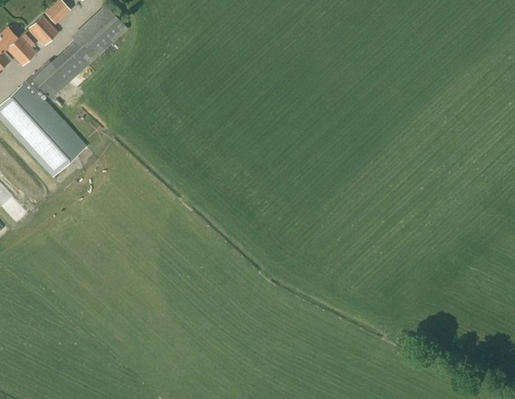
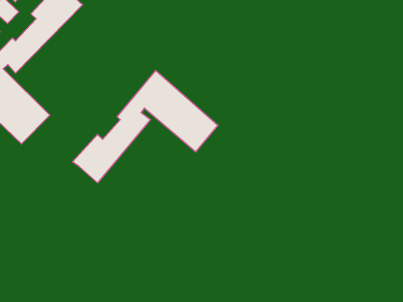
building: none -> [72,71,218,183]

